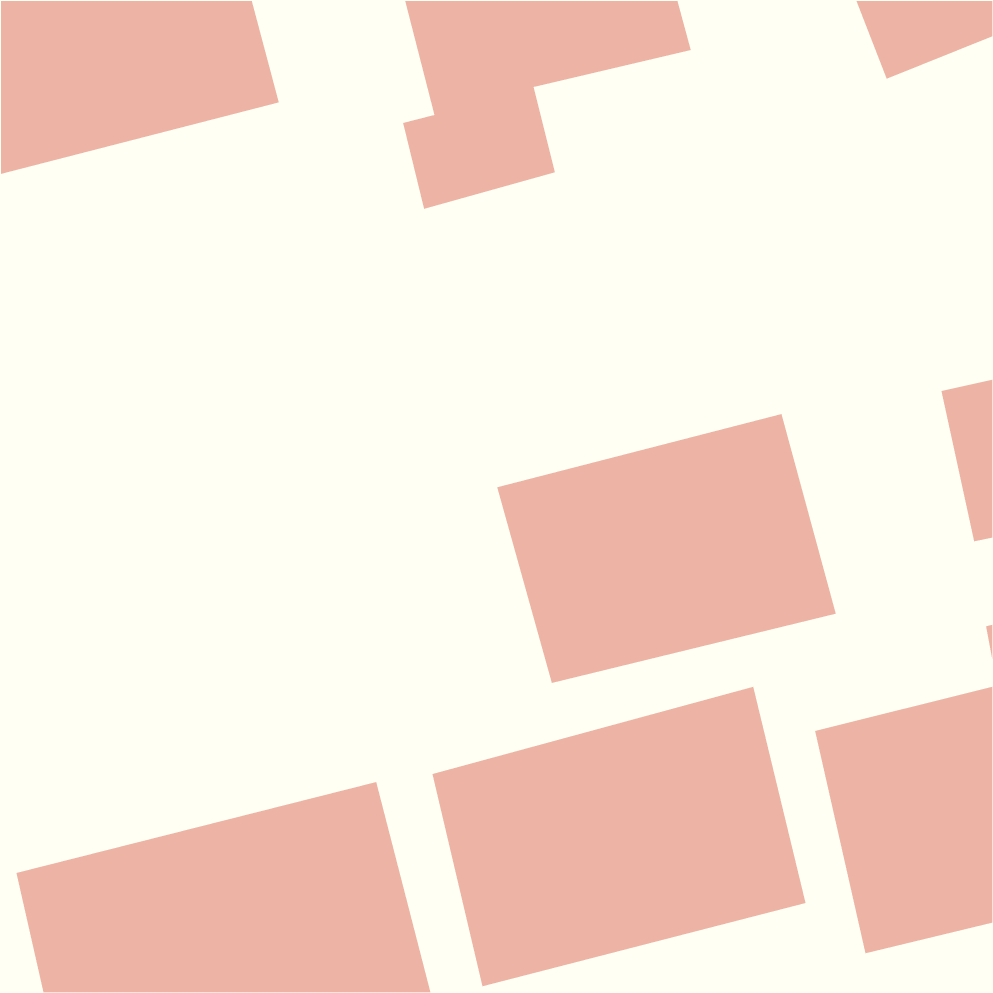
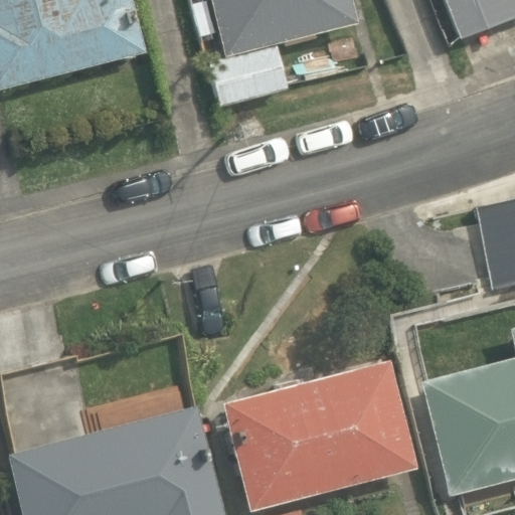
building: [496,413,837,684] -> none

